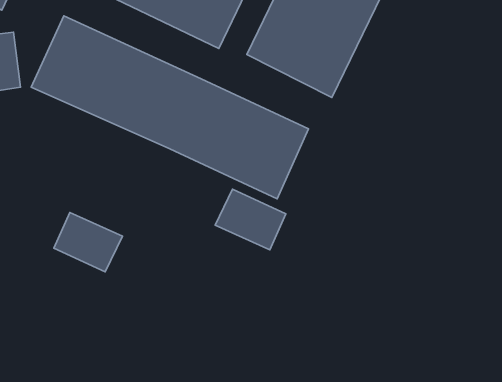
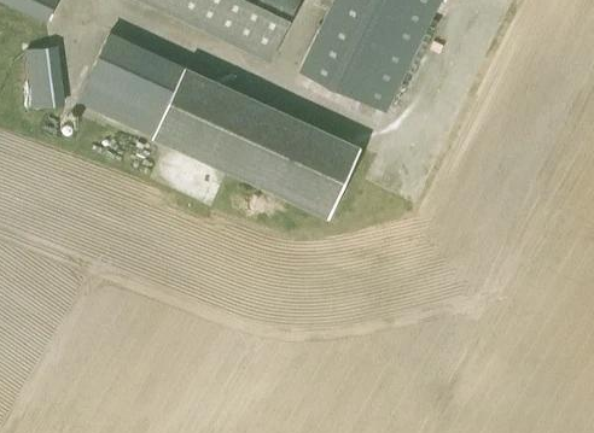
building: [215,189,286,250] -> none
building: [54,212,122,272] -> none

